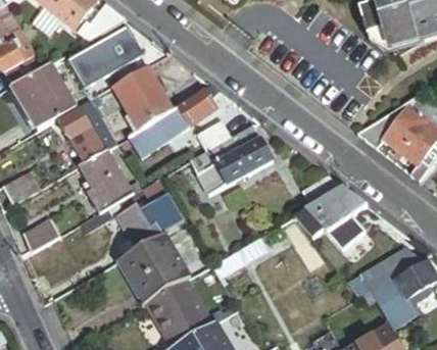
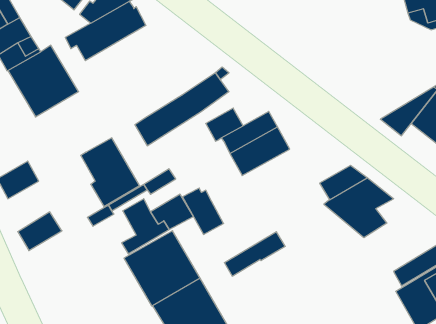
building: [111,65,173,131] -> none
building: [60,99,115,162] -> none
building: [190,151,228,194] -> [183,188,224,234]

